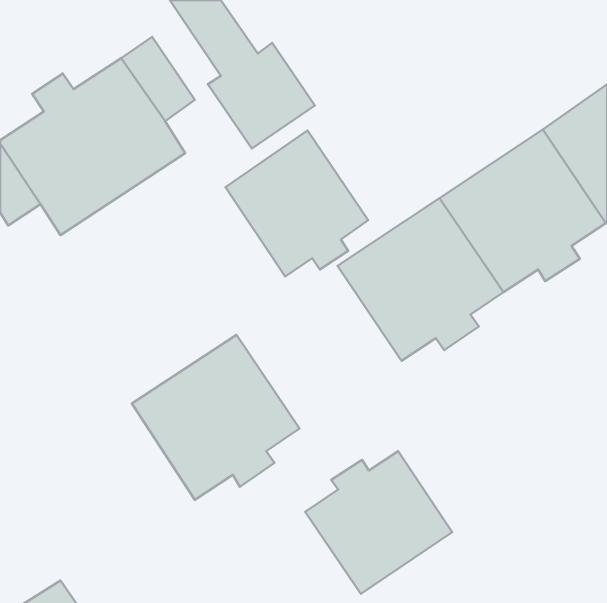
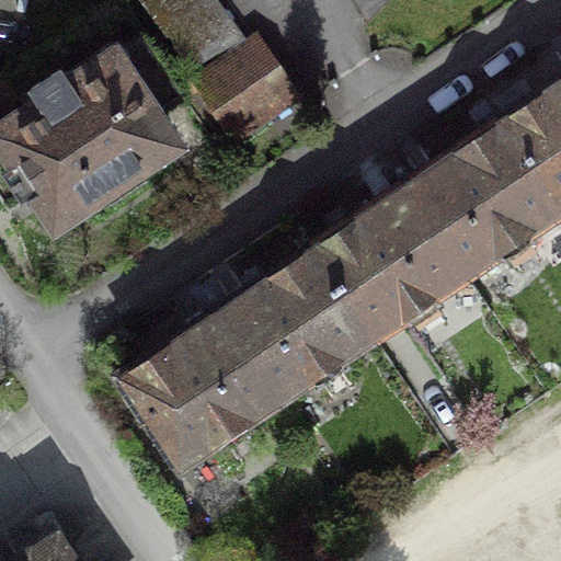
building: [225,130,368,276] -> none
building: none -> [218,249,370,399]
building: [305,451,452,594] -> none

